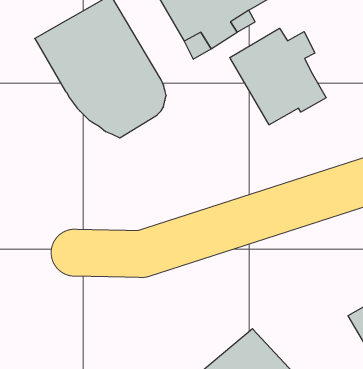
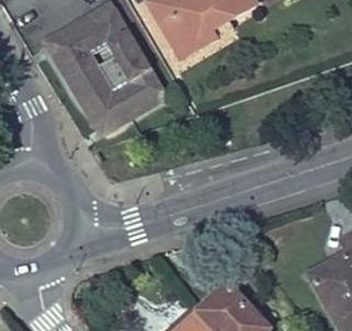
building: [230,28,326,125] -> none

